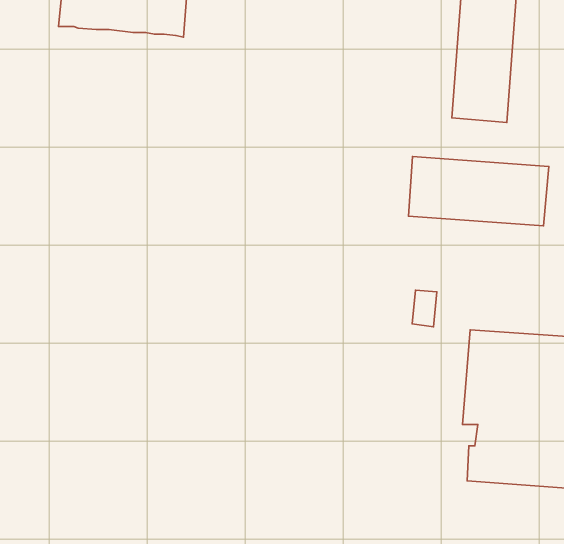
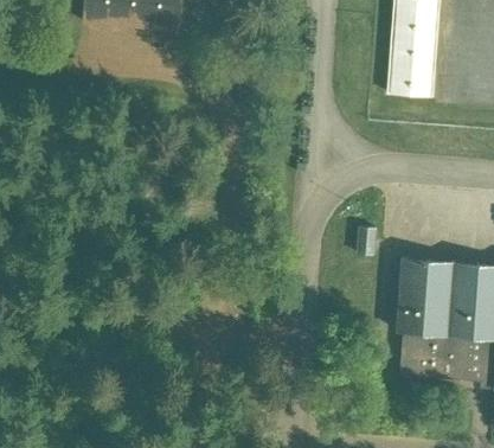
building: [408,156,549,226] -> none

